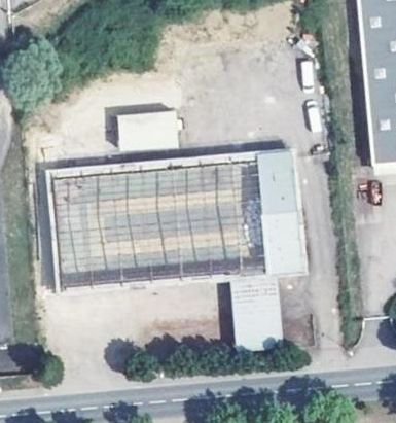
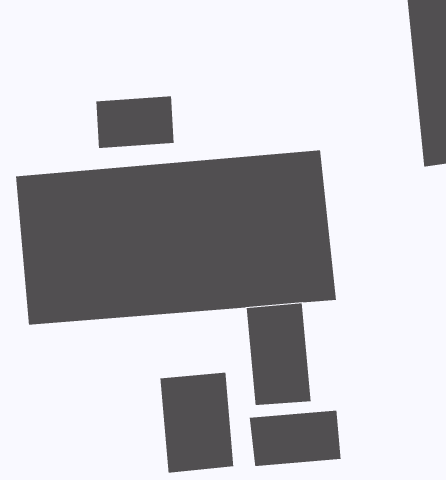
building: none -> [160,372,234,474]
building: none -> [249,410,341,467]

